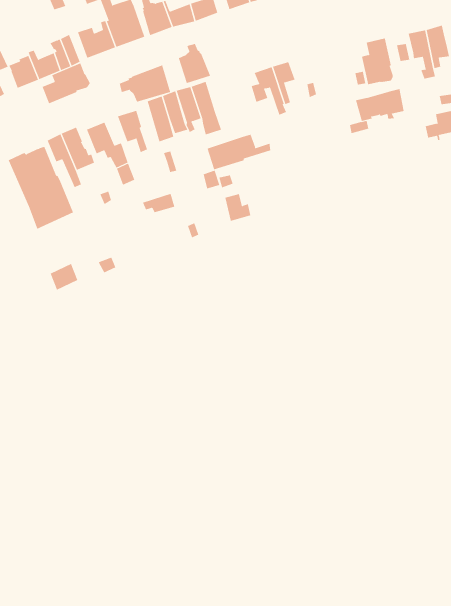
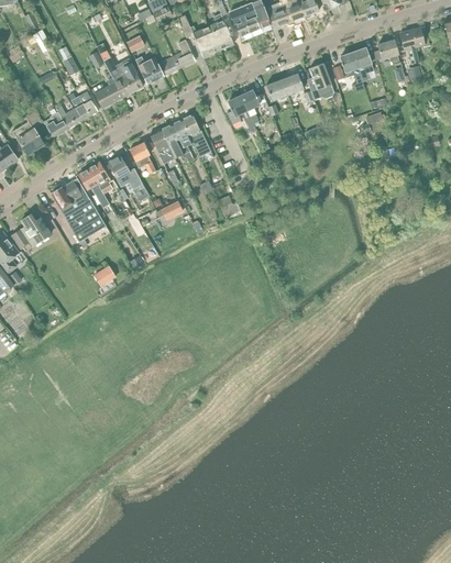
building: [178,43,211,84] -> none
building: [42,63,90,104] -> none
building: [119,65,171,103] -> none
building: [355,89,405,121] -> [265,71,304,100]
building: [207,134,271,170] -> none

